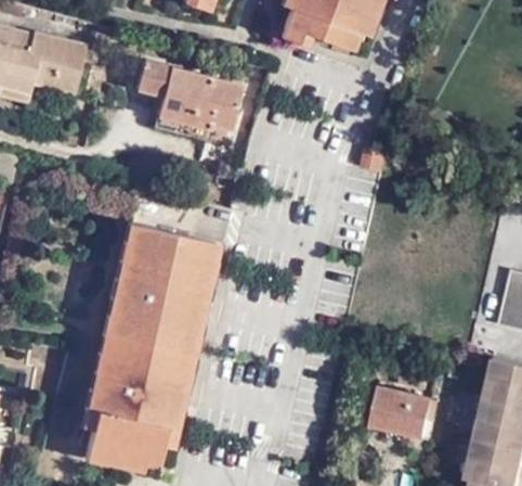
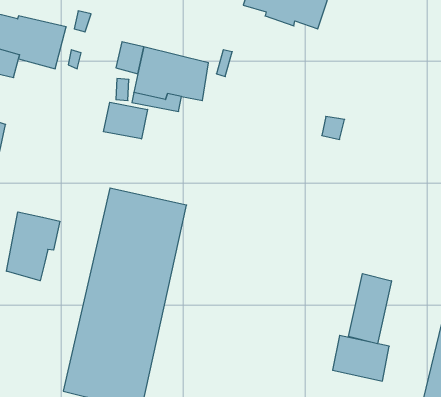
building: none -> [104,102,148,139]
building: none -> [6,212,60,281]
building: none -> [349,274,391,344]

